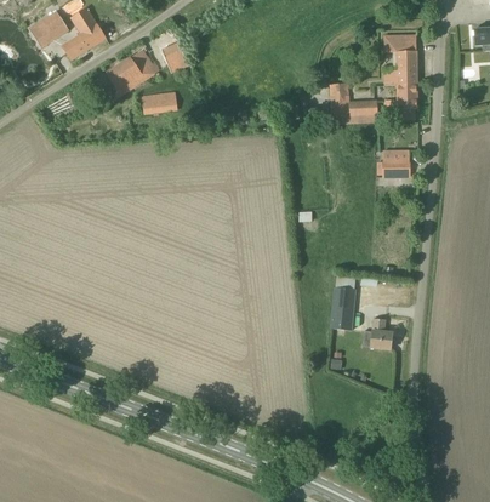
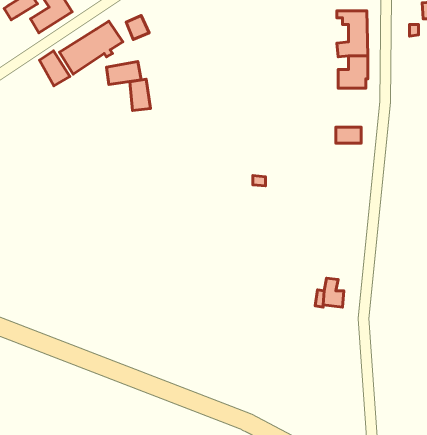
building: none -> [39,51,70,86]
building: [327,81,378,124] -> none
building: none -> [130,79,150,110]
building: [331,287,354,327] -> none

